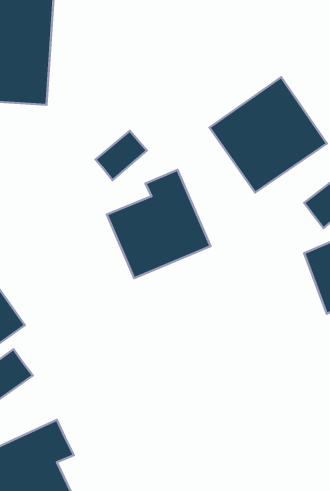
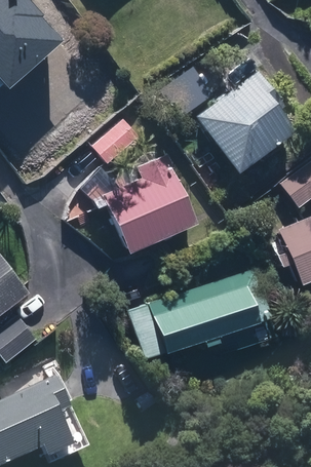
building: none -> [127,269,271,359]

